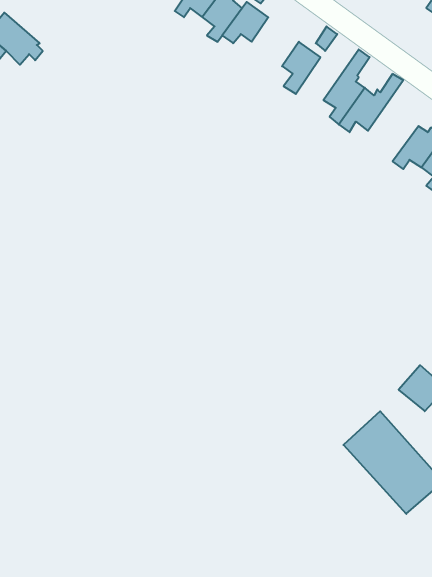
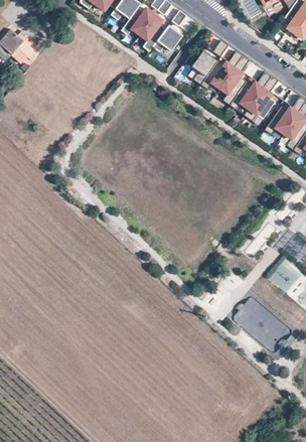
building: none -> [200,51,242,89]
building: none -> [248,76,278,125]

